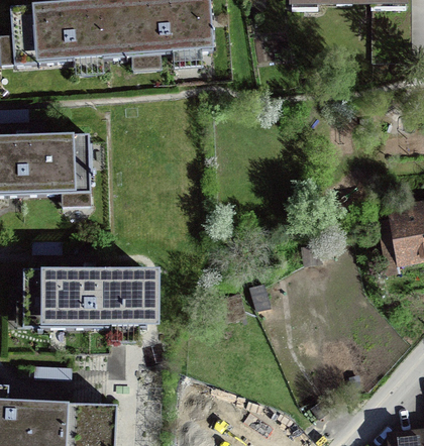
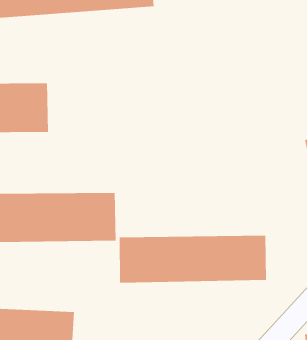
building: none -> [119,235,266,283]

